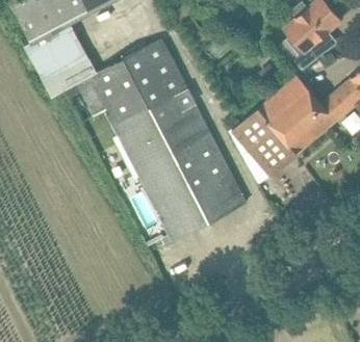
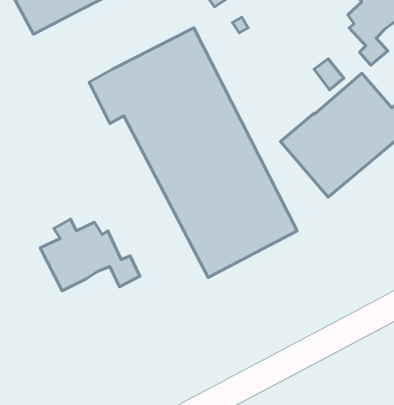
building: [25,24,96,96] -> none
building: none -> [40,219,140,291]

